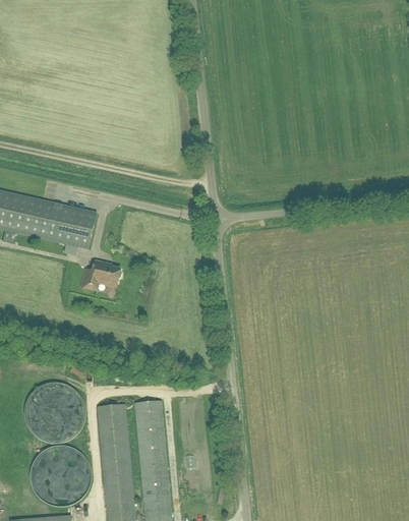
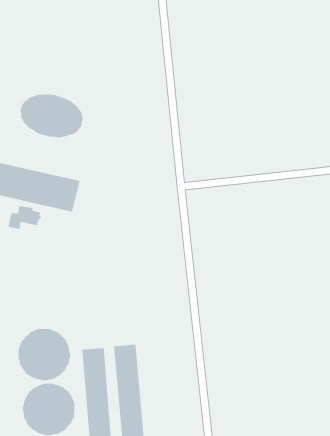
building: none -> [20,94,84,138]
building: [81,260,121,289] -> [7,205,42,230]

